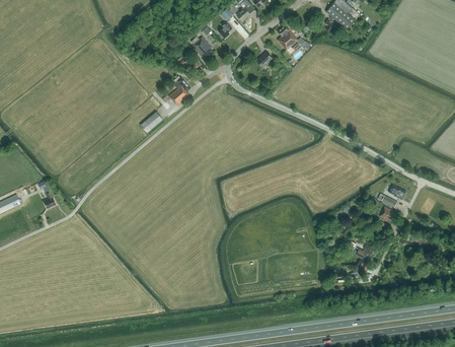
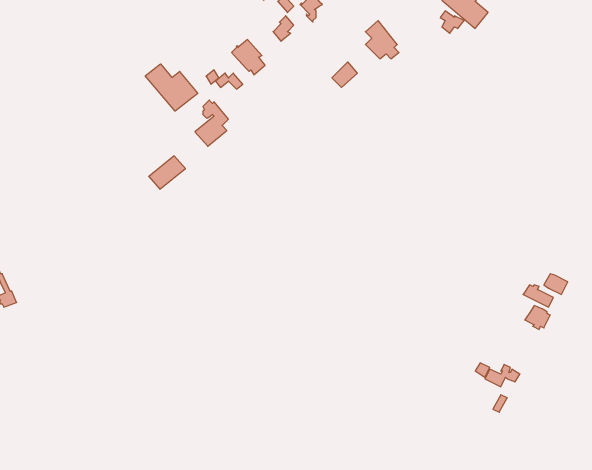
building: none -> [145,64,198,111]

